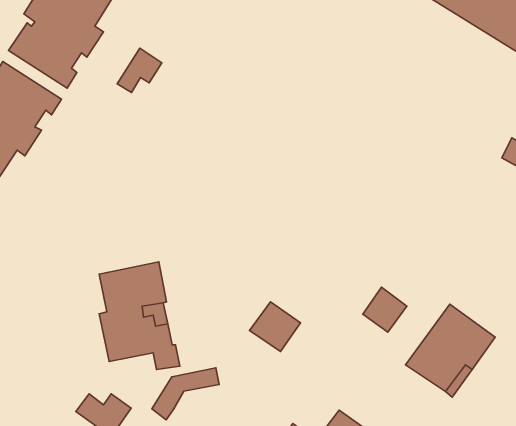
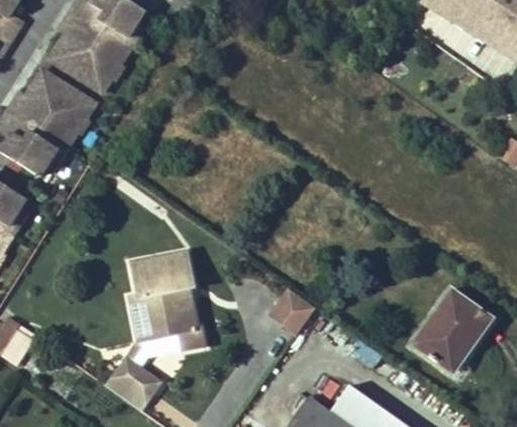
building: [117,48,162,93] -> none
building: [363,287,407,332] -> none
building: [152,368,219,420] -> [122,333,184,381]

